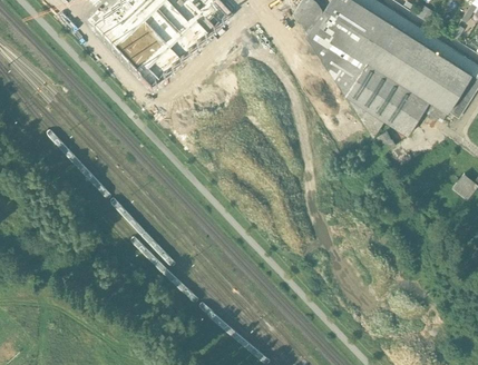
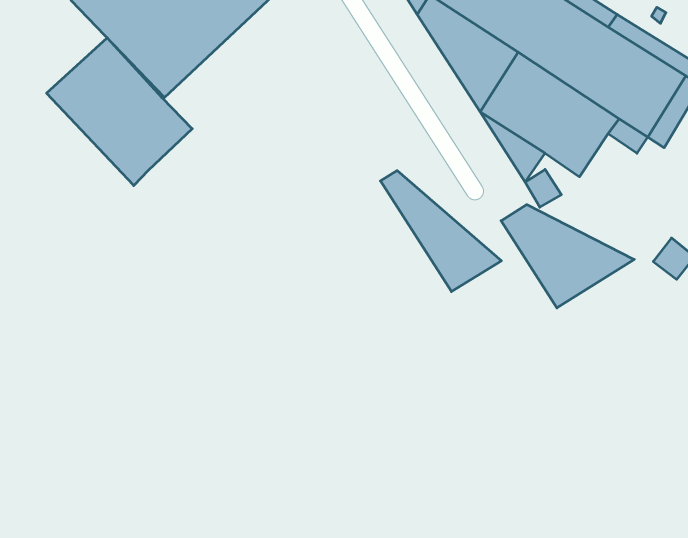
building: none -> [47,38,192,186]
building: none -> [380,171,501,292]
building: none -> [501,205,634,308]

